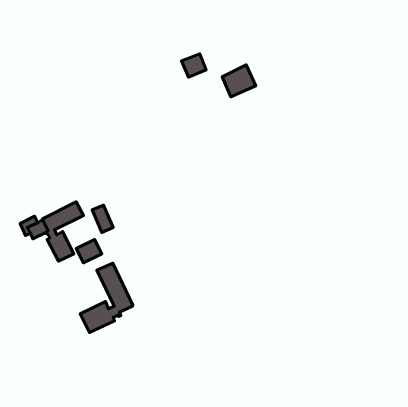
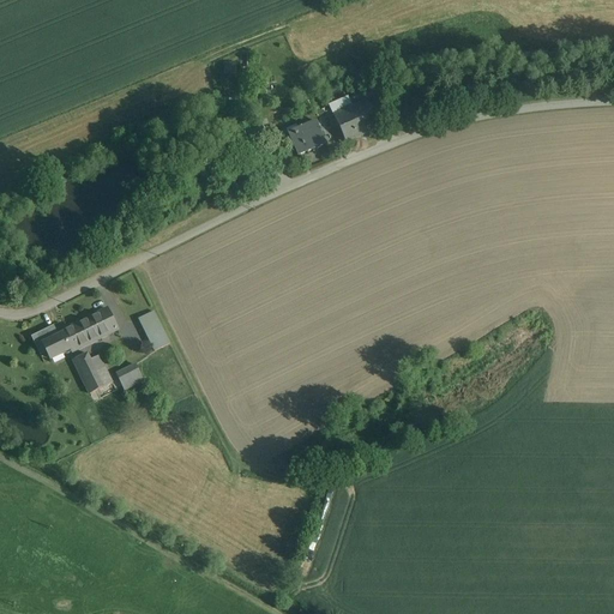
building: [181,54,206,77] -> [285,119,323,154]
building: [80,263,133,332] -> none

